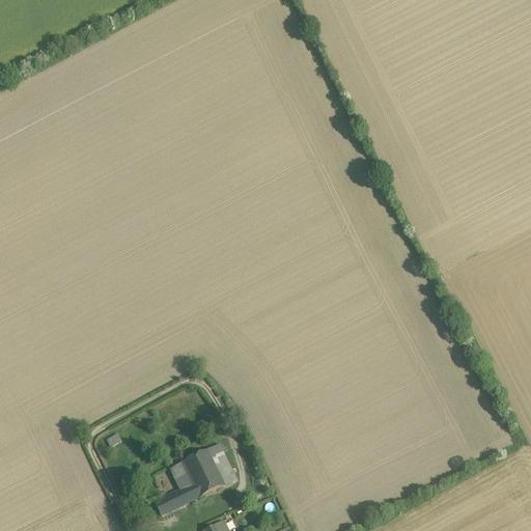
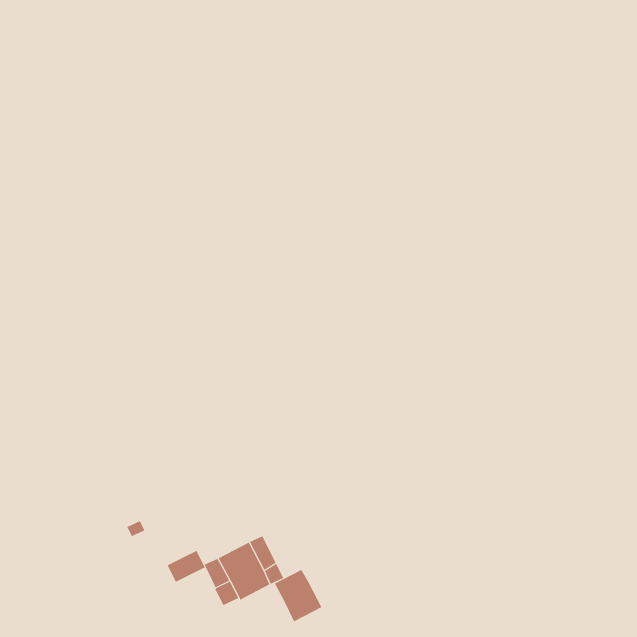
building: none -> [273,569,322,622]
building: [152,487,185,514] -> [167,550,205,583]

